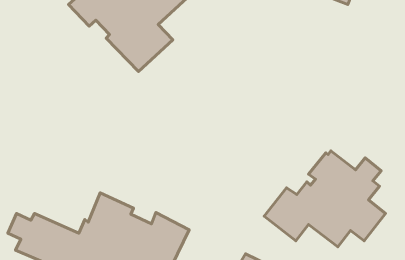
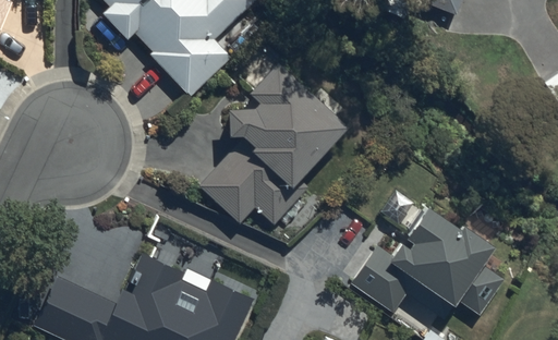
building: none -> [196,53,348,224]

